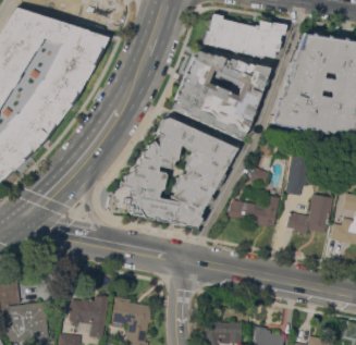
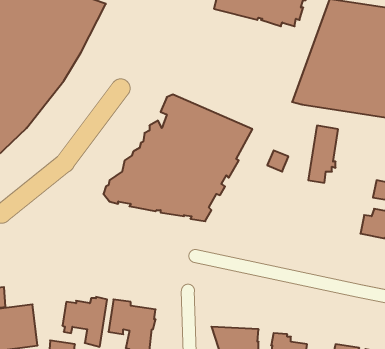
building: [172,51,270,140] -> none
building: [286,194,334,234] -> none
building: [229,195,280,226] -> none

